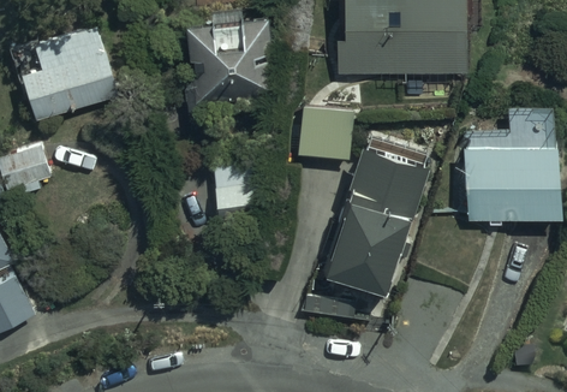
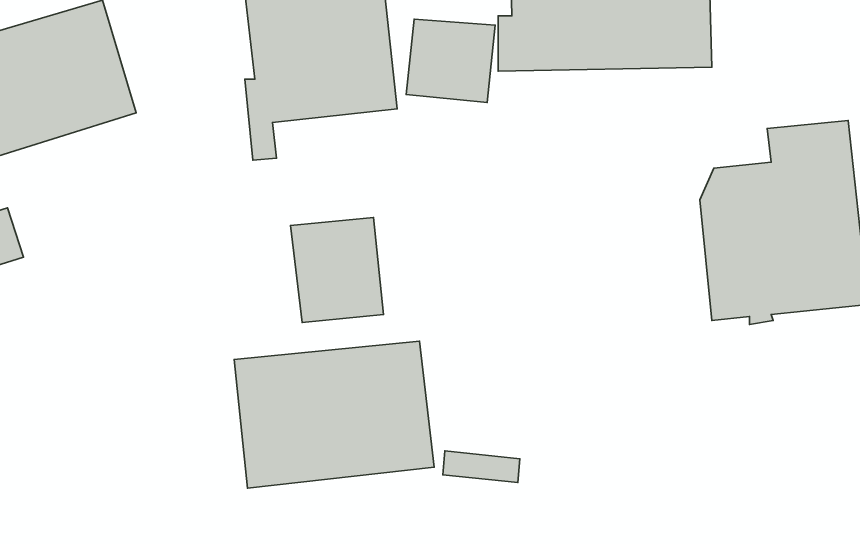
building: [299,105,353,155] -> [406,19,495,102]
building: [328,129,432,295] -> none
building: none -> [234,341,434,488]

